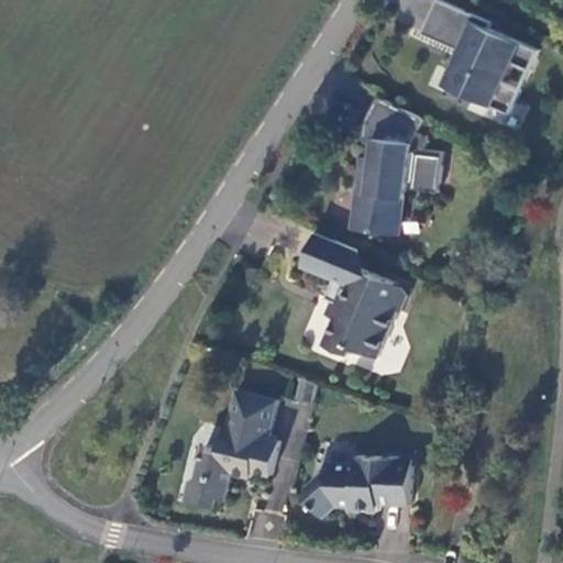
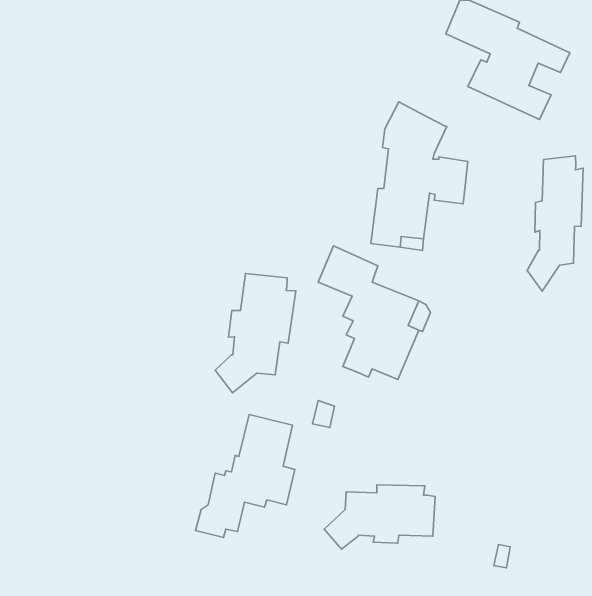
building: none -> [527,156,583,291]
building: none -> [215,274,296,393]

